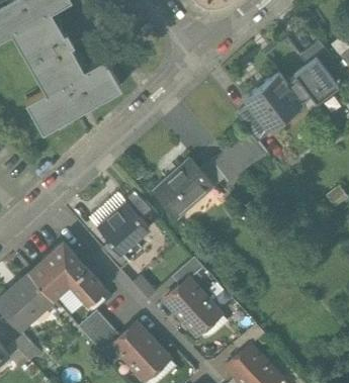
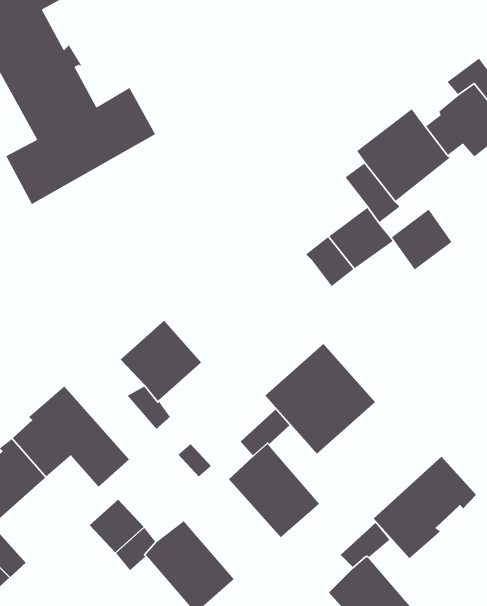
building: none -> [391,209,452,271]
building: [152,158,221,226] -> [264,343,376,455]
building: none -> [373,456,477,559]

